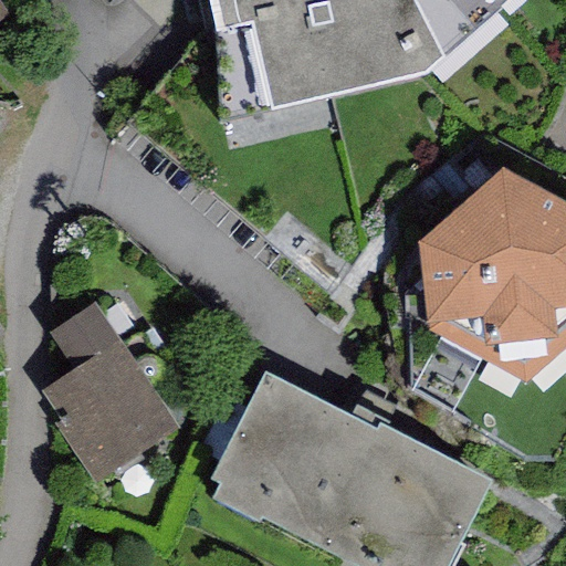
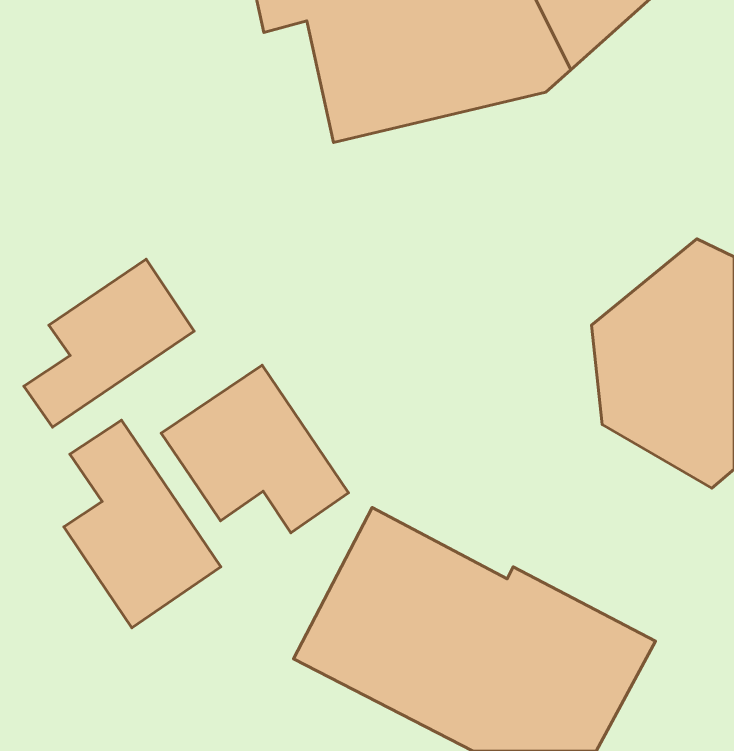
building: none -> [24,259,194,427]
building: none -> [161,365,349,533]

